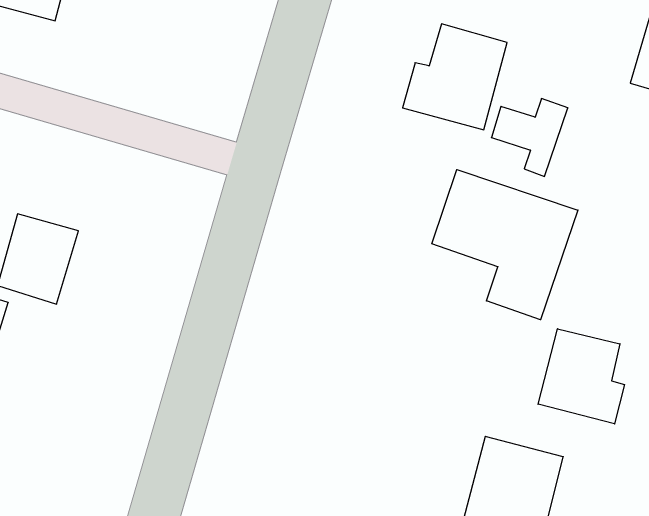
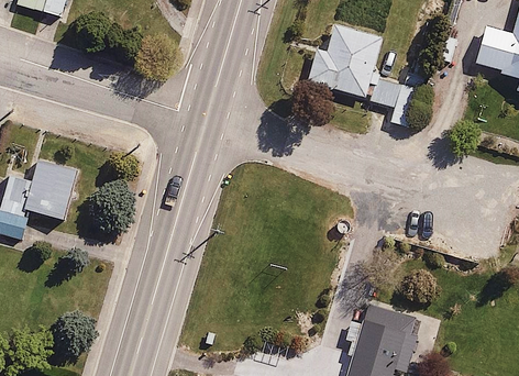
building: [432,170,578,320] -> none
building: [538,329,624,424] -> none

